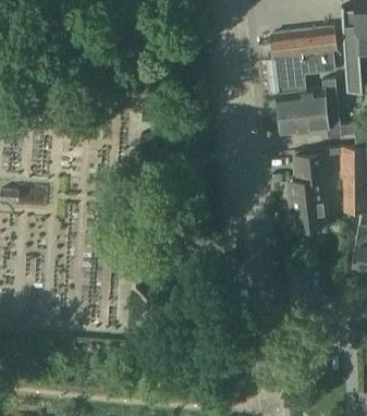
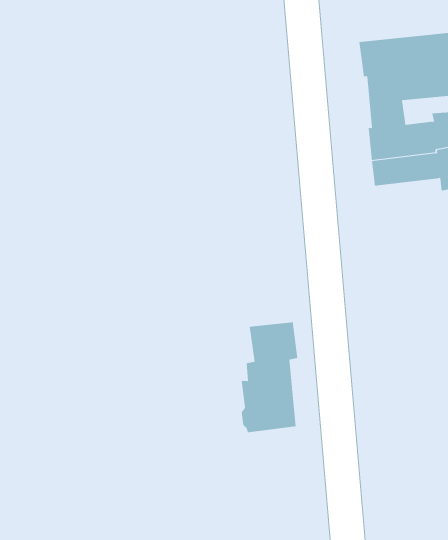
building: [290,154,329,230] -> [241,322,298,433]

